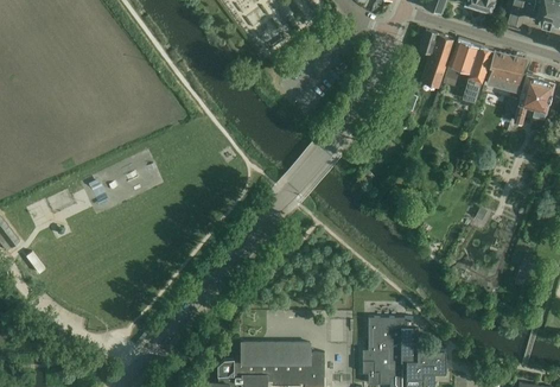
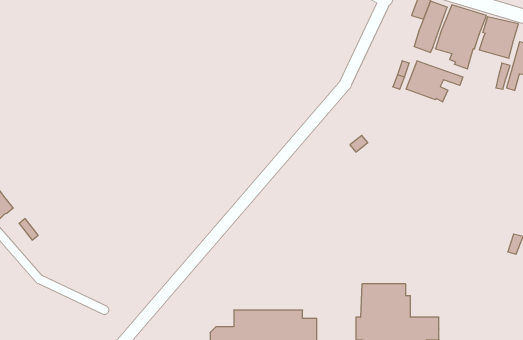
building: none -> [406,61,463,102]

